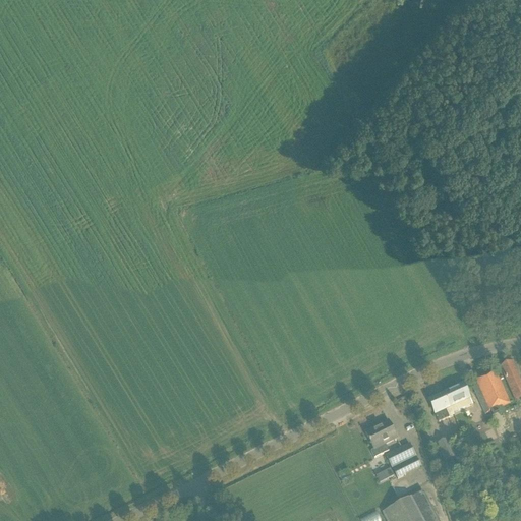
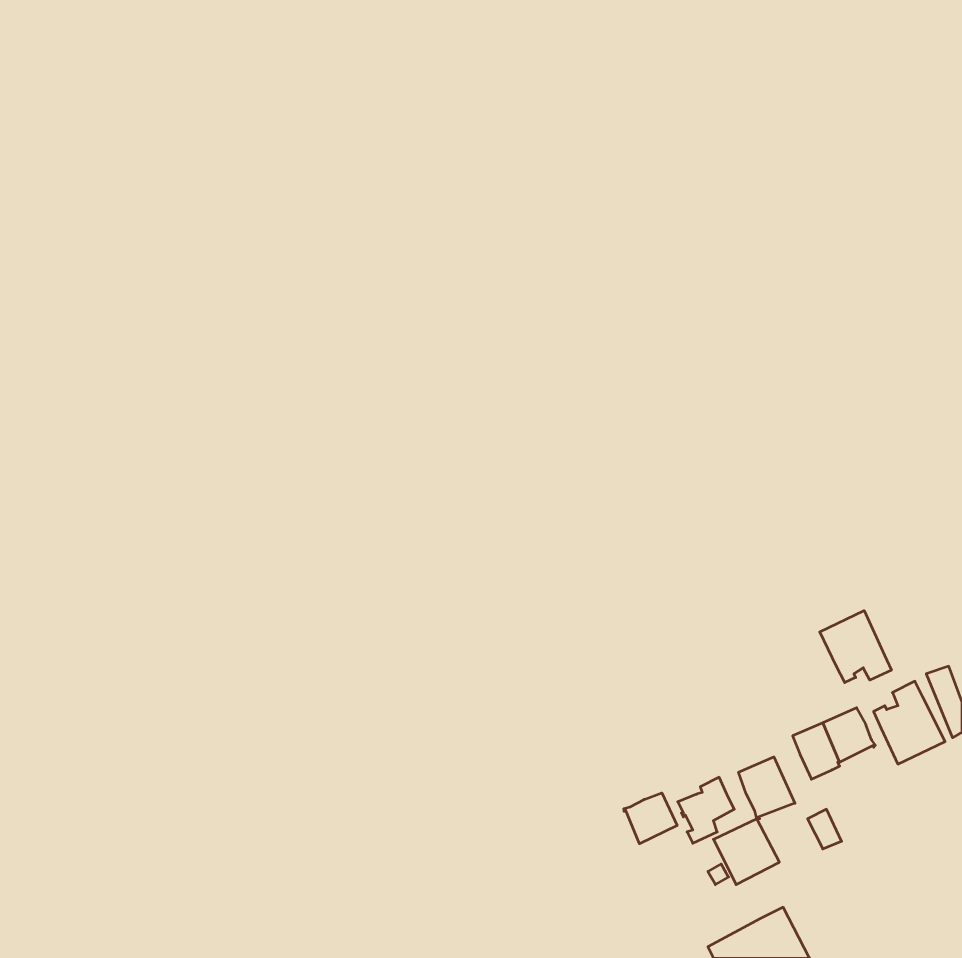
building: none -> [820,611,891,683]
building: none -> [739,757,795,819]
building: none -> [624,793,677,844]

